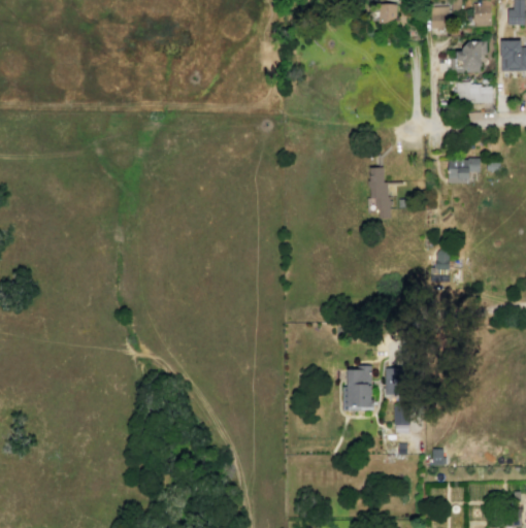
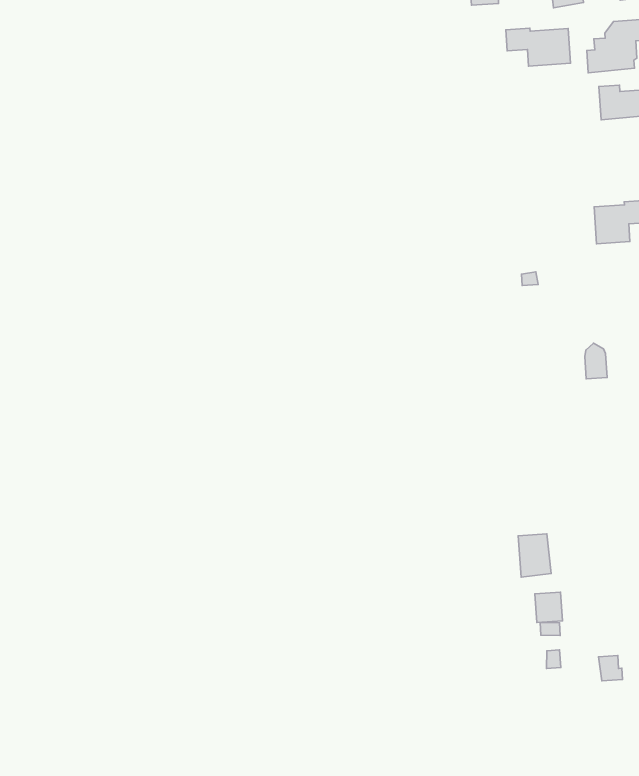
building: none -> [506,28,571,66]
building: [370,167,391,218] -> none
building: [348,365,371,406] -> none

